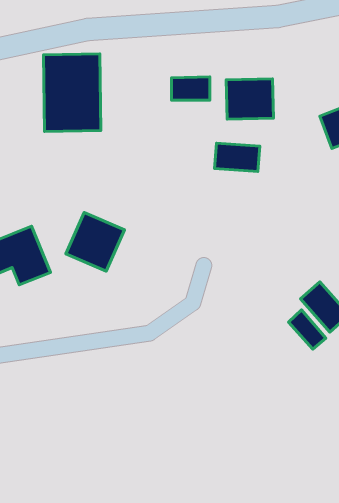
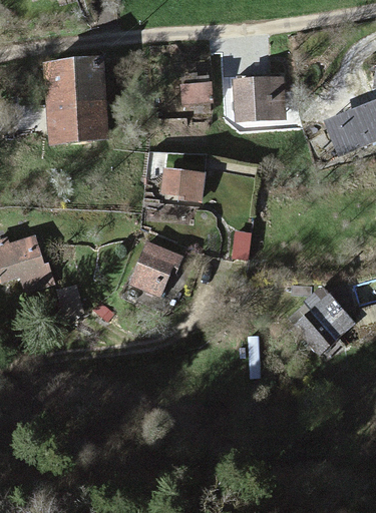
building: [215,143,260,172] -> [159,167,205,195]
building: [66,213,124,271] -> [126,236,184,295]

